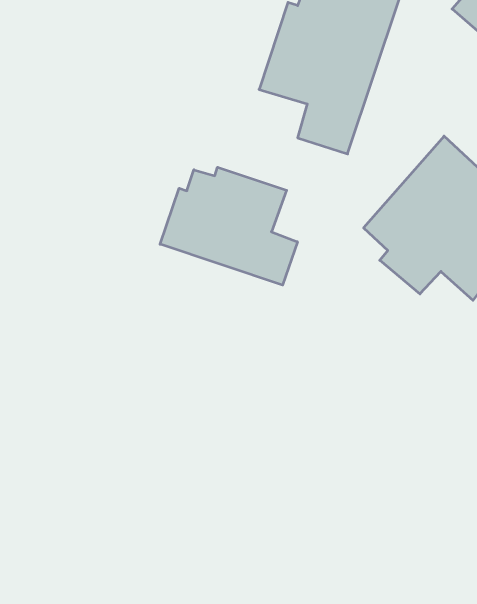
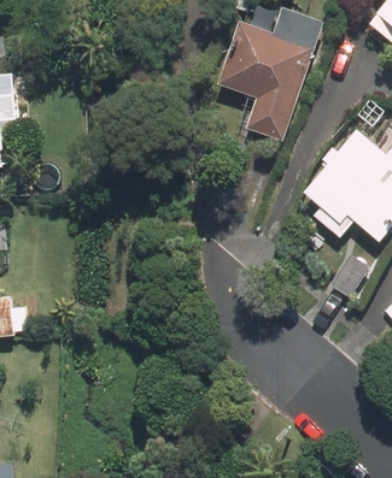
building: [160,167,297,285] -> none

